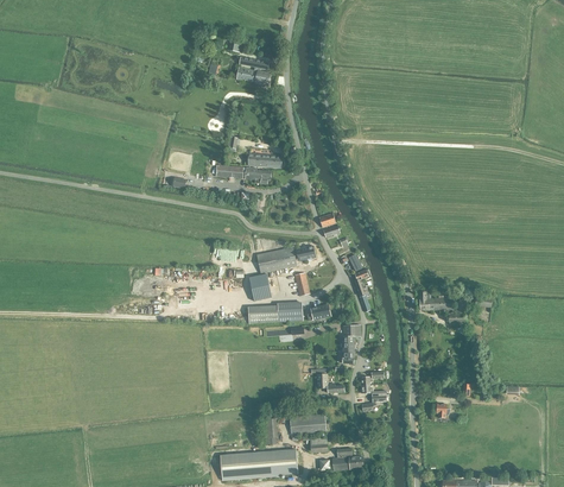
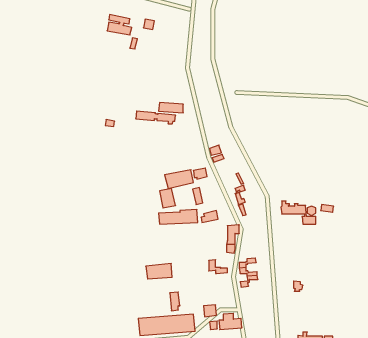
building: [236,56,271,84] -> [107,15,132,35]
building: [289,413,325,435] -> [146,264,172,279]

